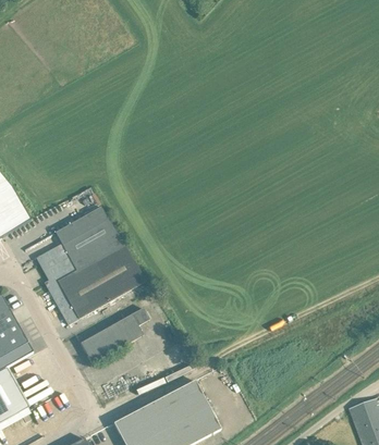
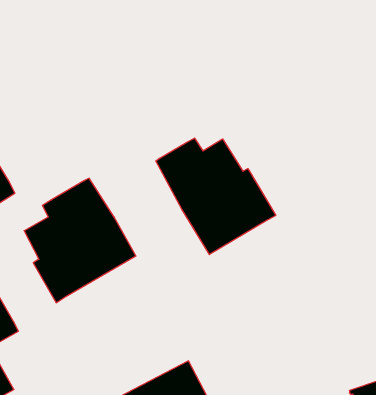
building: none -> [156,138,276,255]
building: [80,307,148,363] -> none

